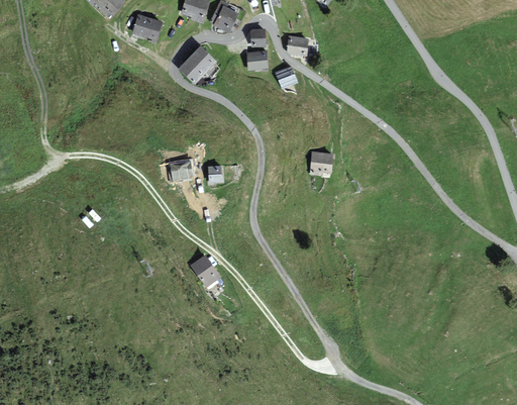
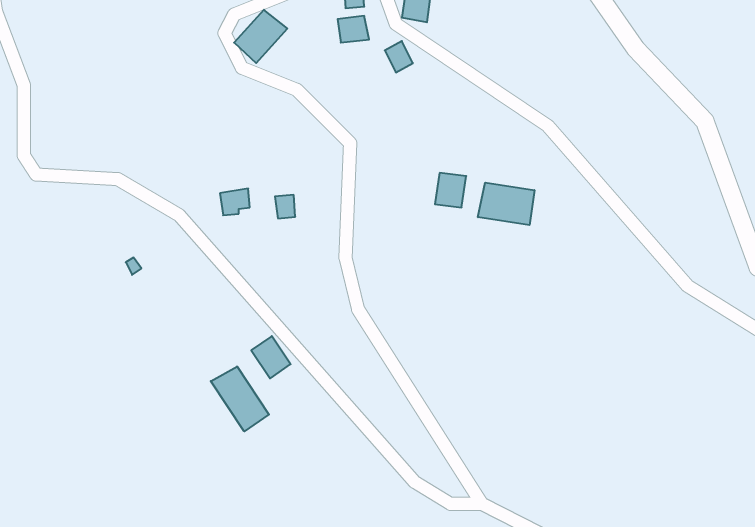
building: none -> [478,183,534,225]
building: none -> [211,366,269,431]

